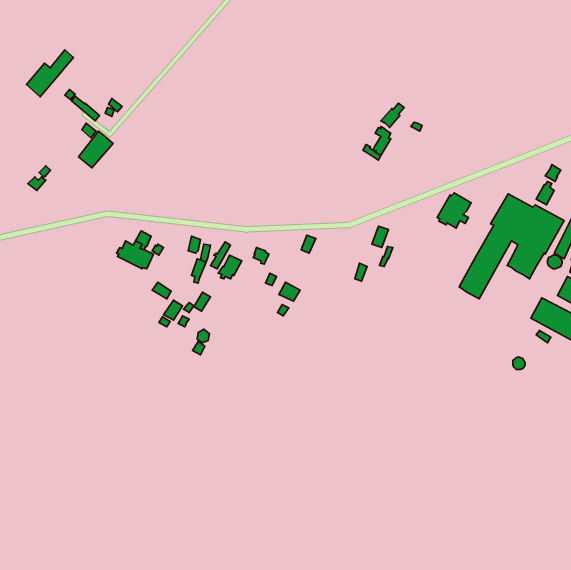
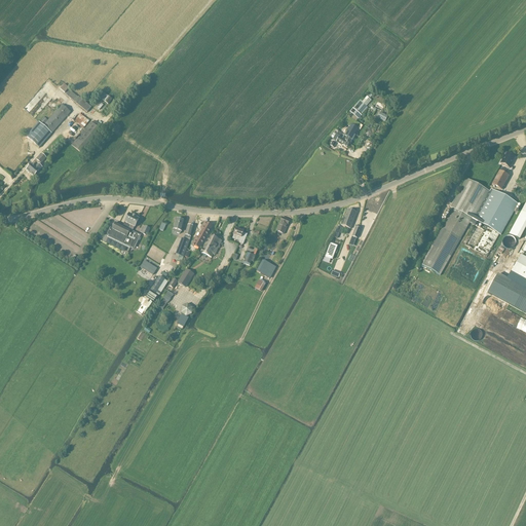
building: [27,50,74,97] -> [28,103,71,146]
building: [437,193,471,228] -> none

